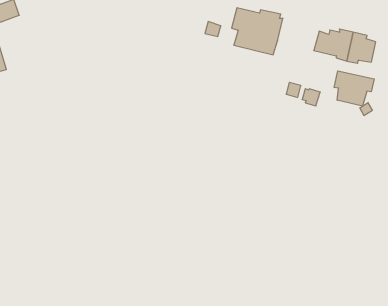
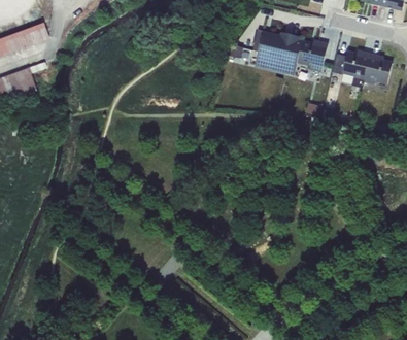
building: none -> [298,39,329,71]
building: [334,71,374,106] -> none

